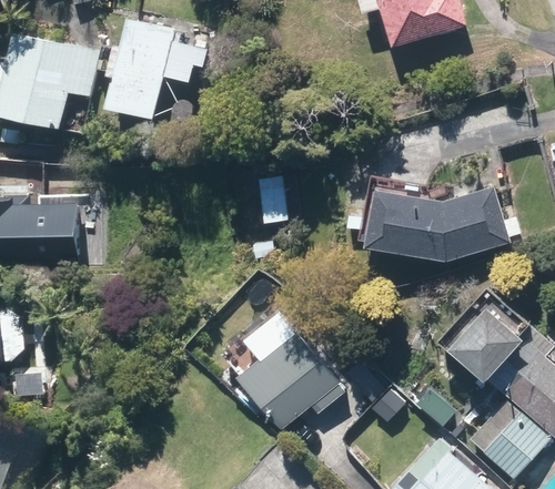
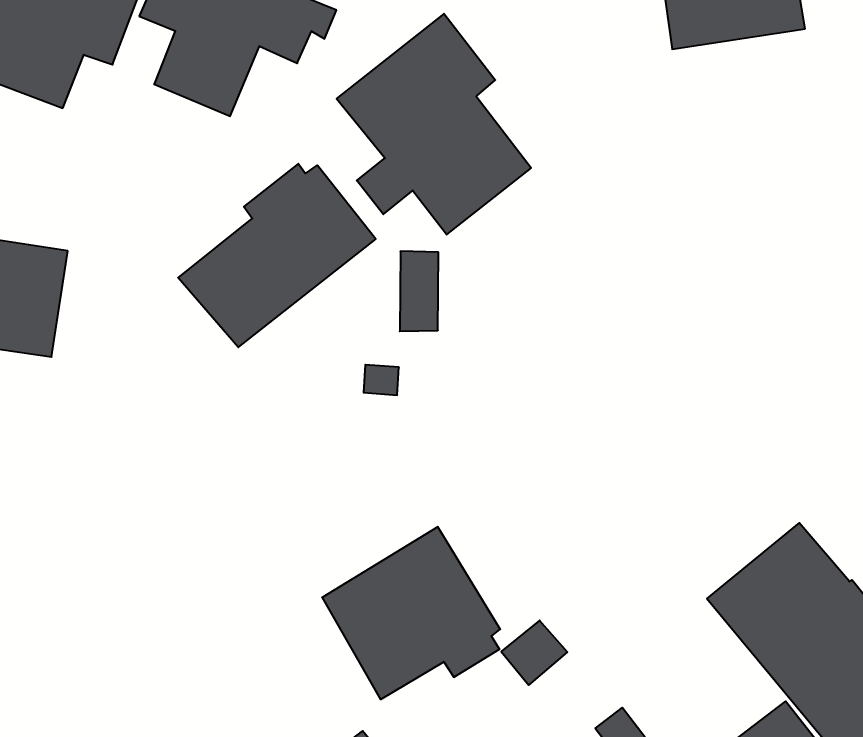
building: none -> [337,14,531,235]
building: none -> [178,164,376,347]
building: [369,187,508,263] -> none

